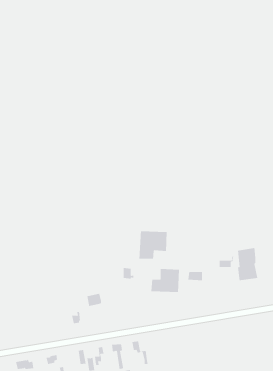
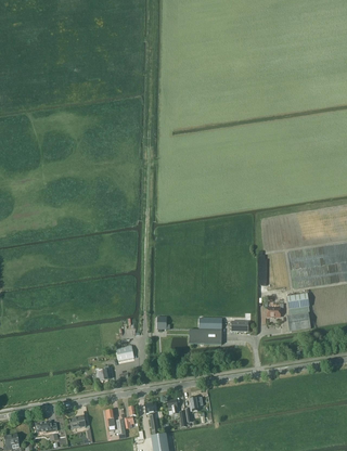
building: [139,230,167,260] -> none

